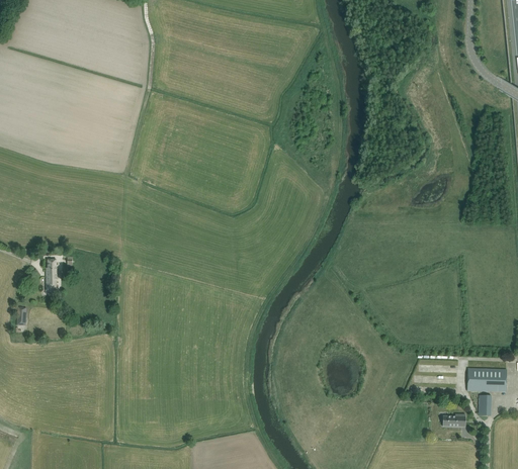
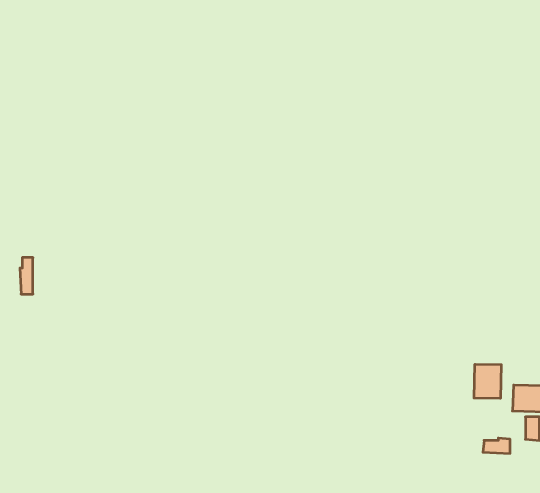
building: none -> [474,364,501,398]

